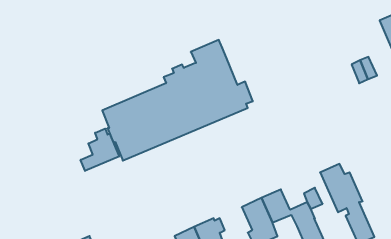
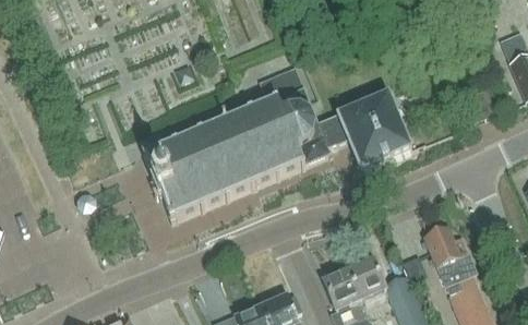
building: none -> [326,93,410,169]
building: [81,129,119,171] -> none

